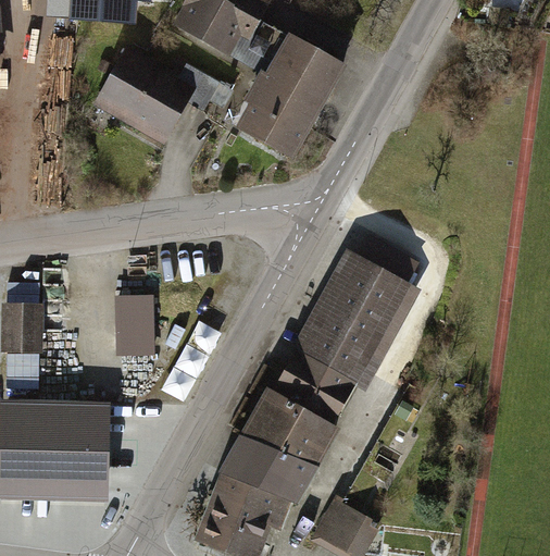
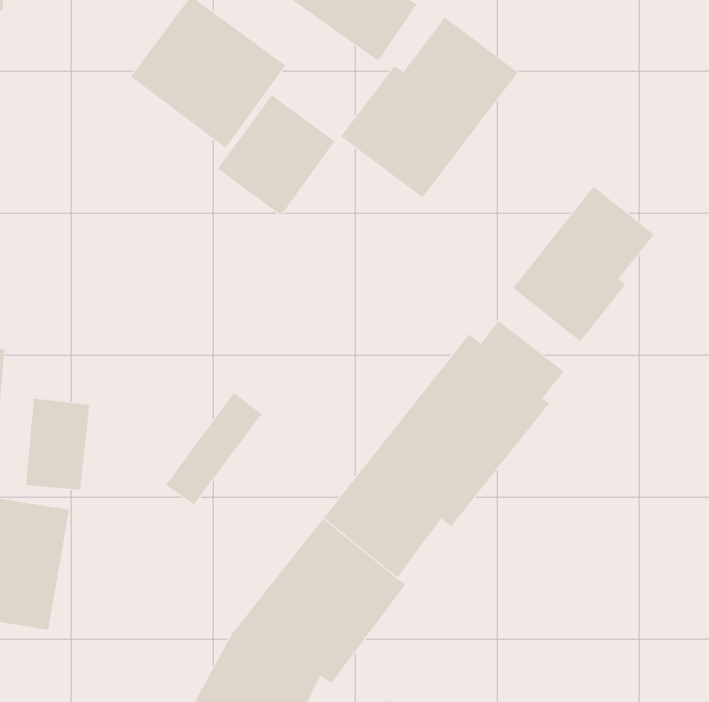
building: none -> [217,95,335,216]
building: none -> [513,186,654,342]
building: [112,288,153,349] -> [25,398,90,490]

